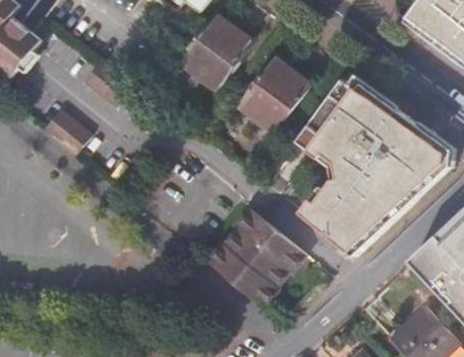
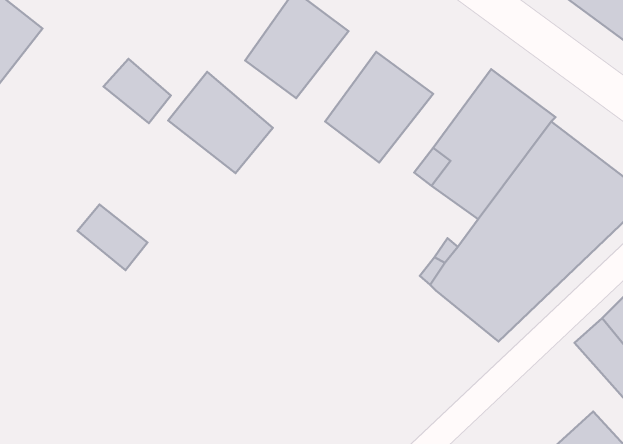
building: none -> [168,72,273,173]
building: [41,109,90,155] -> [78,205,147,270]
building: [207,210,304,307] -> none

